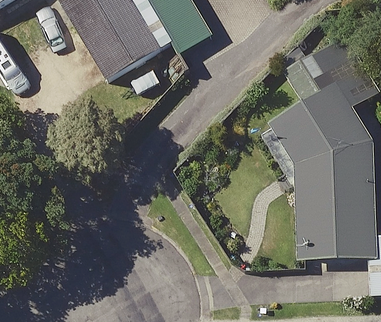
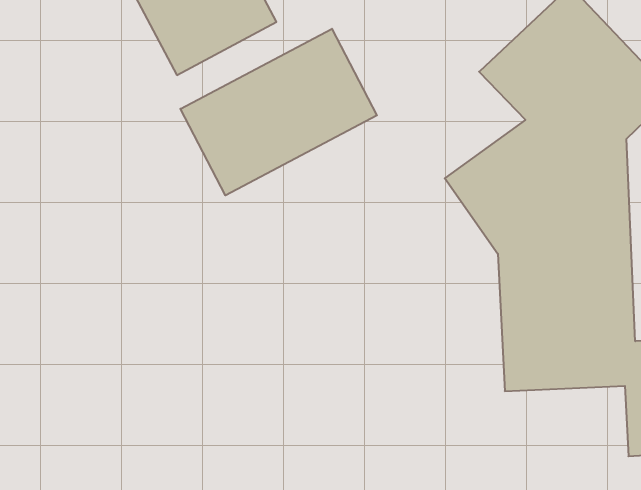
building: none -> [180,29,377,195]

